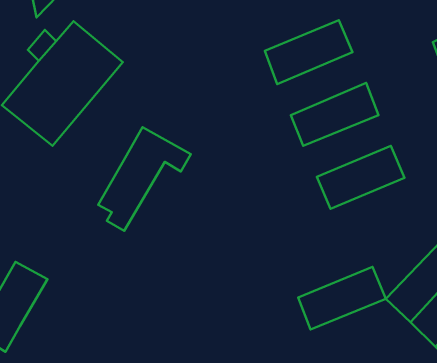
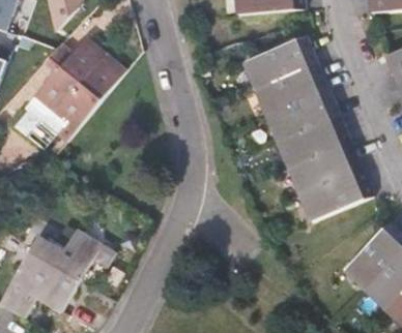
building: none -> [254,63,328,116]
building: none -> [276,116,349,168]
building: [98,127,191,231] -> [38,228,116,314]
building: [298,267,386,330] -> [298,169,372,221]

